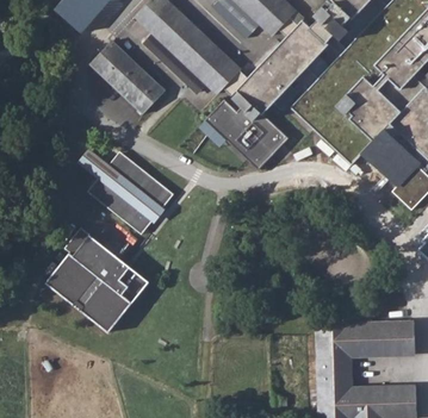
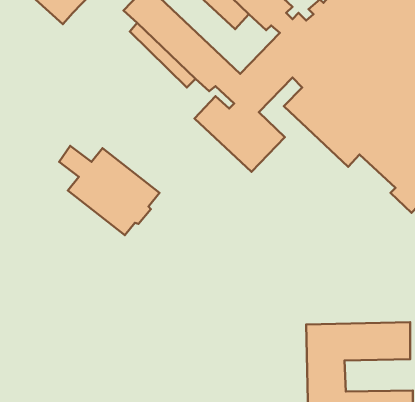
building: [91,42,168,116] -> none
building: [41,226,145,327] -> none

